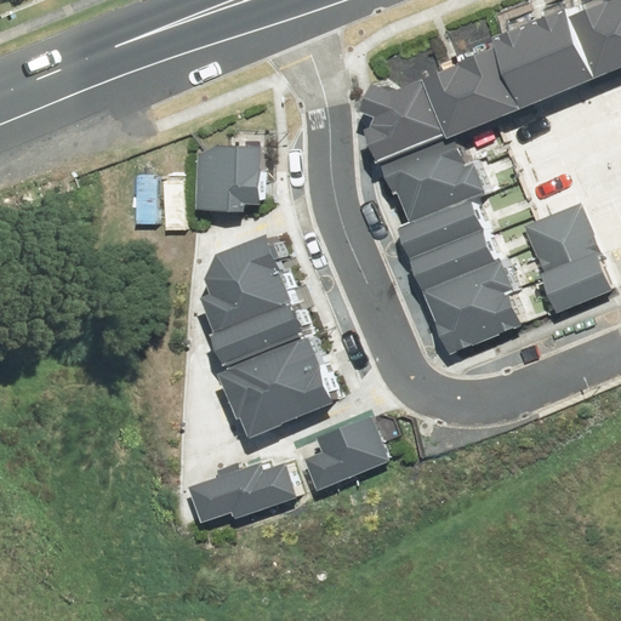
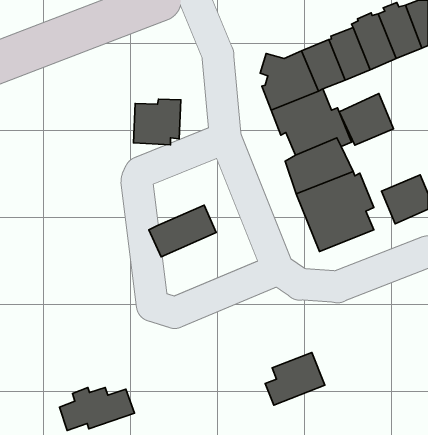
building: [515,204,592,277] -> [339,94,393,145]
building: [209,232,287,325] -> none
building: [217,335,334,437] -> none
building: [302,414,386,488] -> [265,352,325,405]
building: [190,461,296,522] -> [59,387,134,430]

